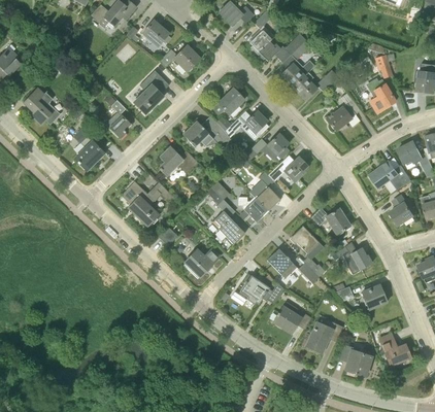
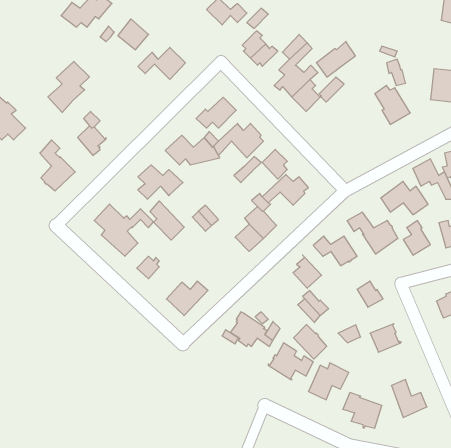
building: [132,70,168,114] -> [48,61,89,112]
building: [326,99,360,130] -> [316,41,355,77]
building: none -> [347,212,398,254]
building: [214,210,244,244] -> [150,201,184,240]
building: [267,248,296,278] -> [294,325,327,359]

